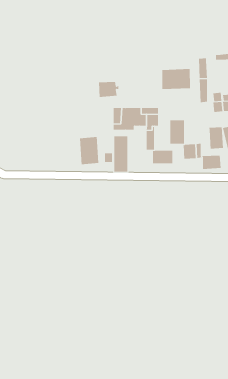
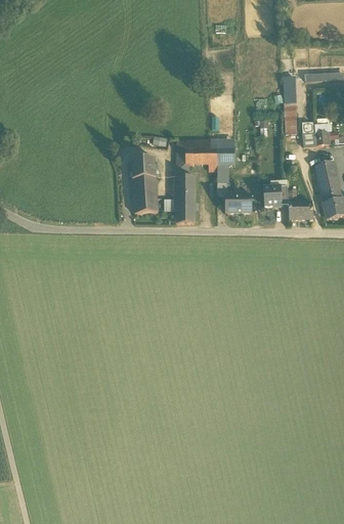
building: [162,68,191,90] -> none
building: [98,81,119,98] -> [131,159,158,179]
building: [170,119,184,145] -> none
building: [209,126,223,149] -> none

